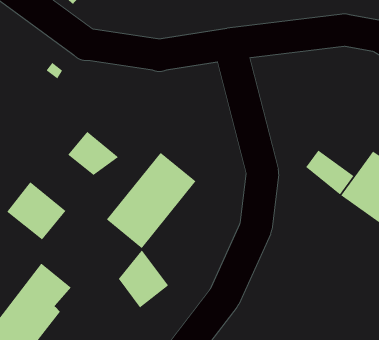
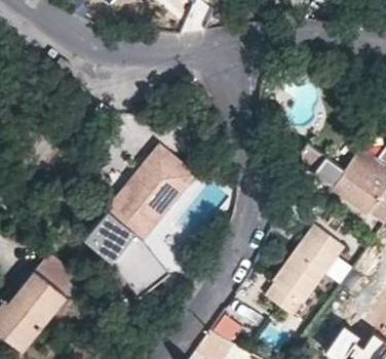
building: [67,131,119,176] -> none
building: [6,181,66,240] -> [86,210,143,266]
building: none -> [266,224,344,316]

